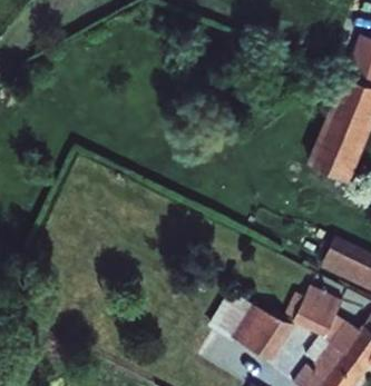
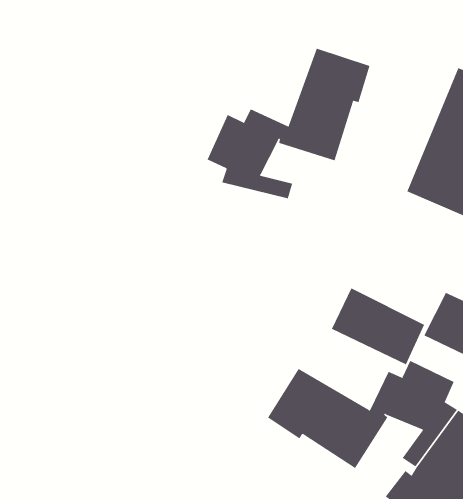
building: none -> [207,48,370,199]
building: none -> [331,288,425,365]

